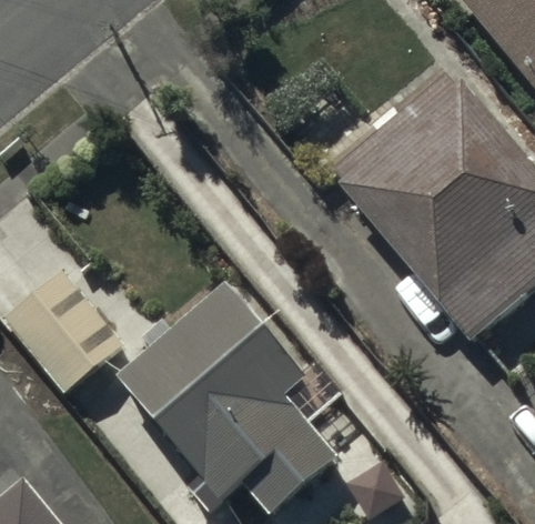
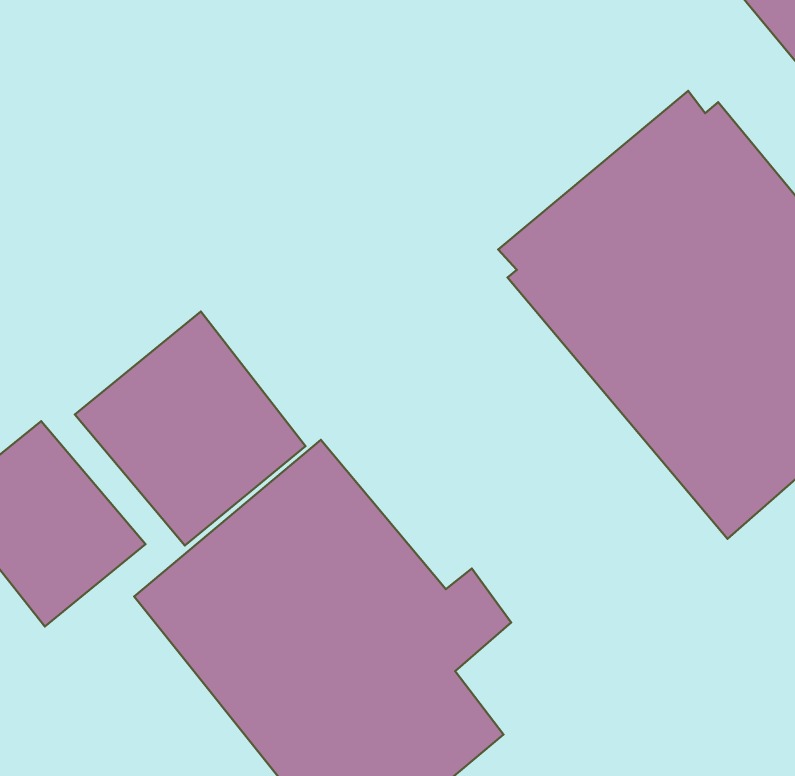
building: none -> [75,312,305,545]

